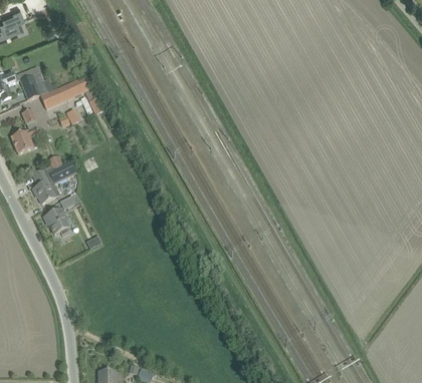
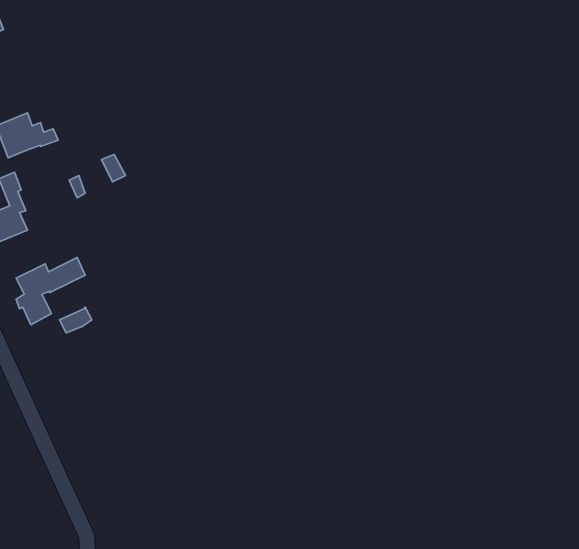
building: [41,76,92,108] -> none
building: [44,208,69,235] -> none

